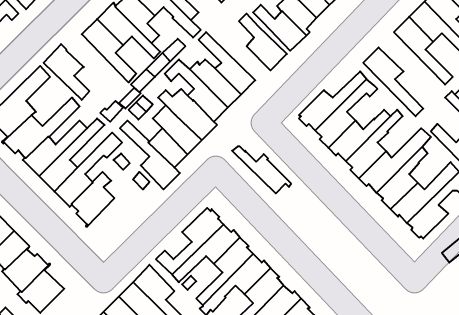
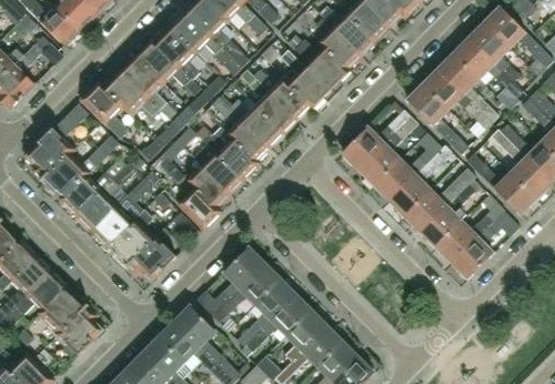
building: none -> [422,69,490,128]
building: none -> [104,71,168,127]
building: [232,146,291,193] -> [252,70,312,118]
building: none -> [125,229,175,281]

